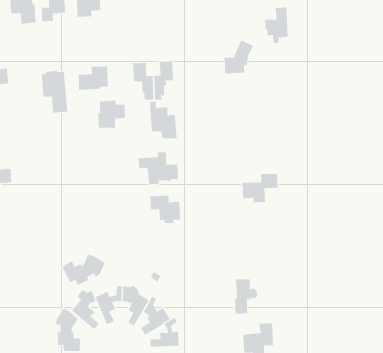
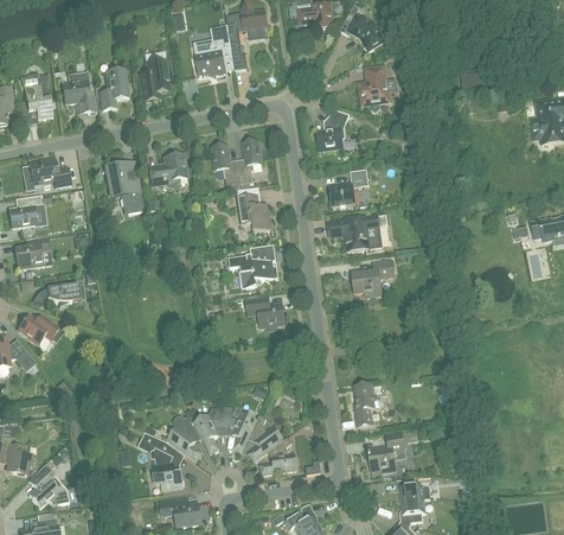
building: none -> [328,167,370,206]
building: [98,100,126,128] -> none
building: none -> [327,214,389,250]
building: [61,254,106,286] -> none

